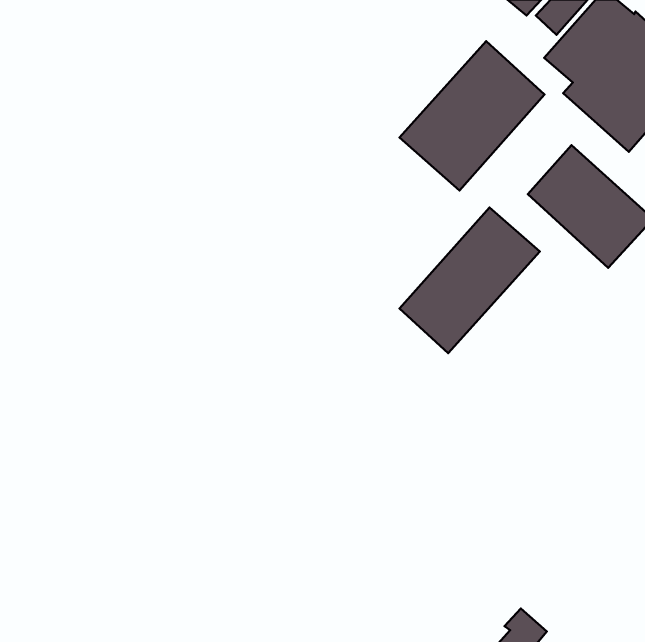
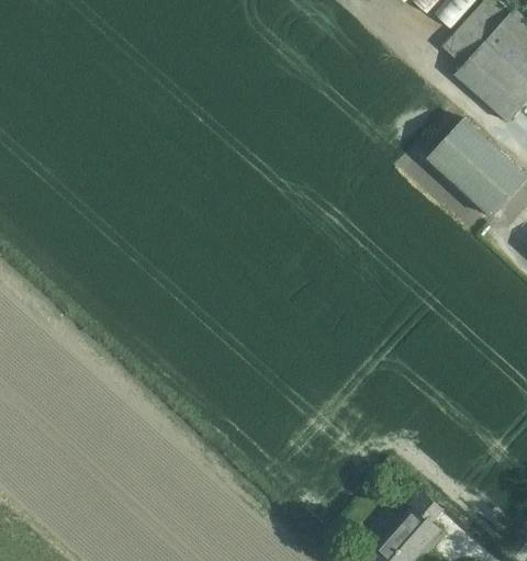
building: [399,41,544,191] -> none
building: [399,207,540,353] -> none

